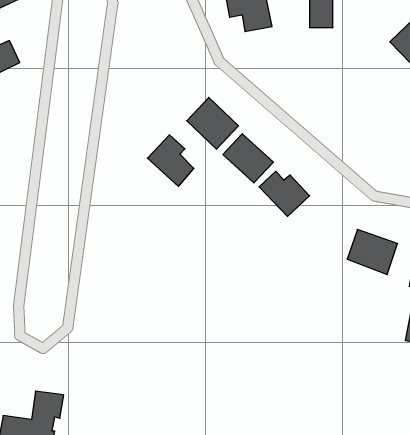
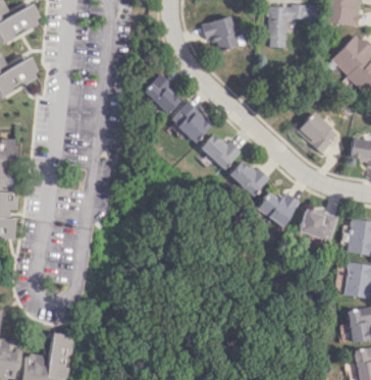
building: none -> [297,112,339,154]
building: [147,135,194,186] -> [143,73,179,114]
building: none -> [256,188,297,226]

